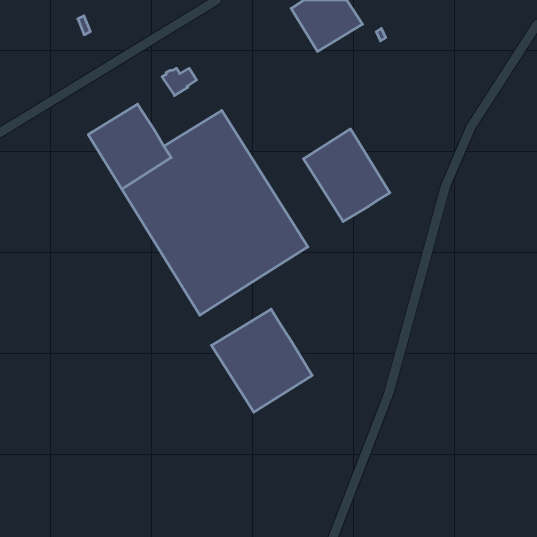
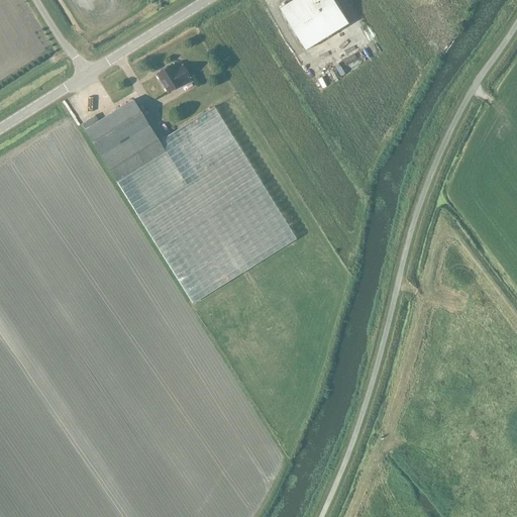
building: [303,129,390,222] -> none
building: [211,309,312,412] -> none

